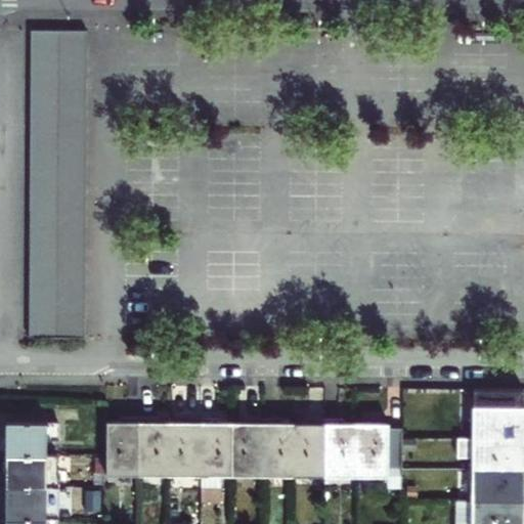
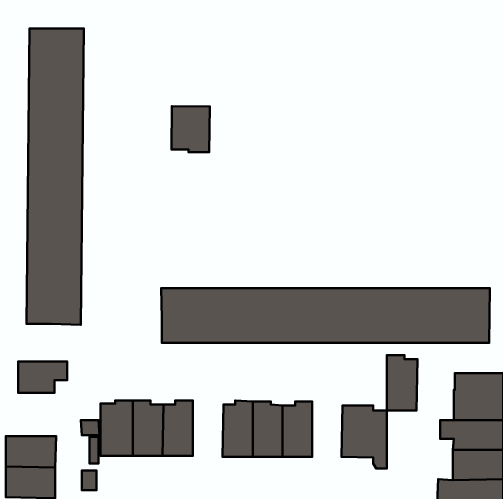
building: none -> [171,106,210,152]
building: none -> [161,288,490,343]
building: [201,421,232,491] -> none
building: [324,422,356,479] -> [387,355,417,410]
building: [6,425,57,457] -> [18,361,67,393]

